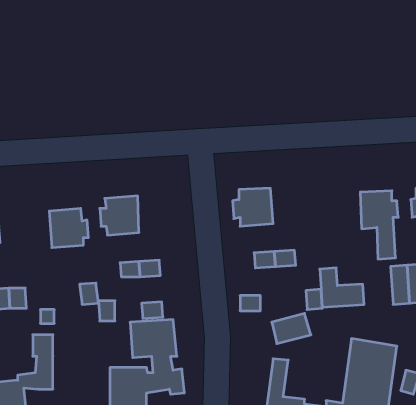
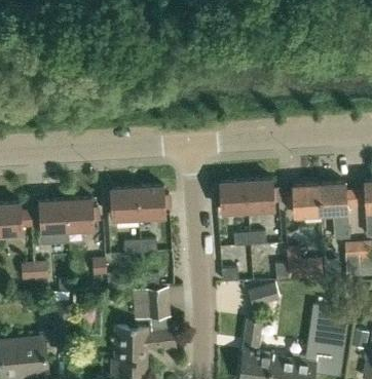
building: none -> [246,181,278,212]
building: none -> [289,186,320,217]
building: none -> [138,187,170,219]
building: none -> [37,201,68,247]

